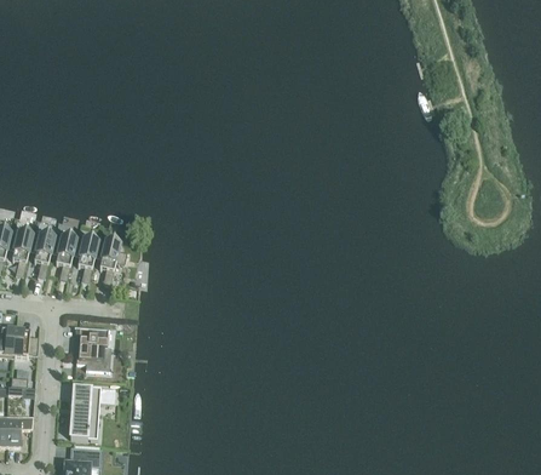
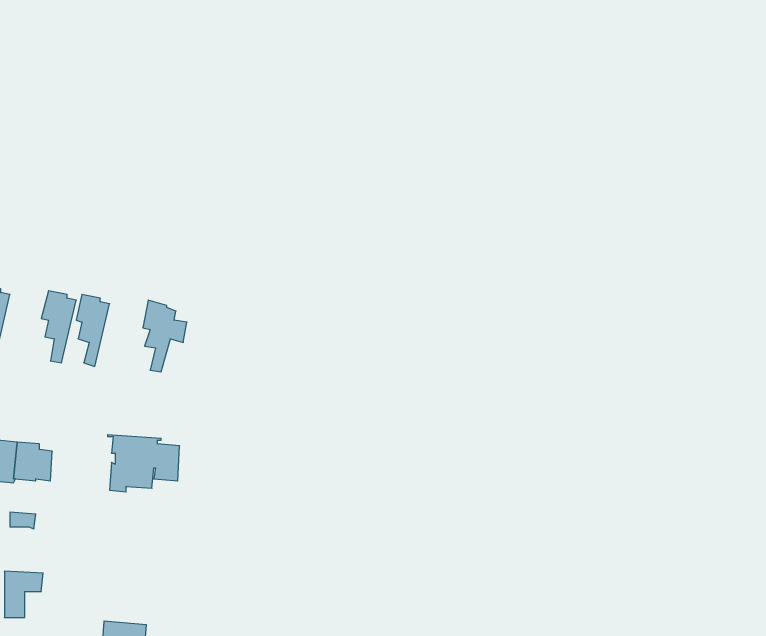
building: [8,229,31,276] -> none
building: [75,235,97,284] -> none
building: [69,385,114,439] -> none

